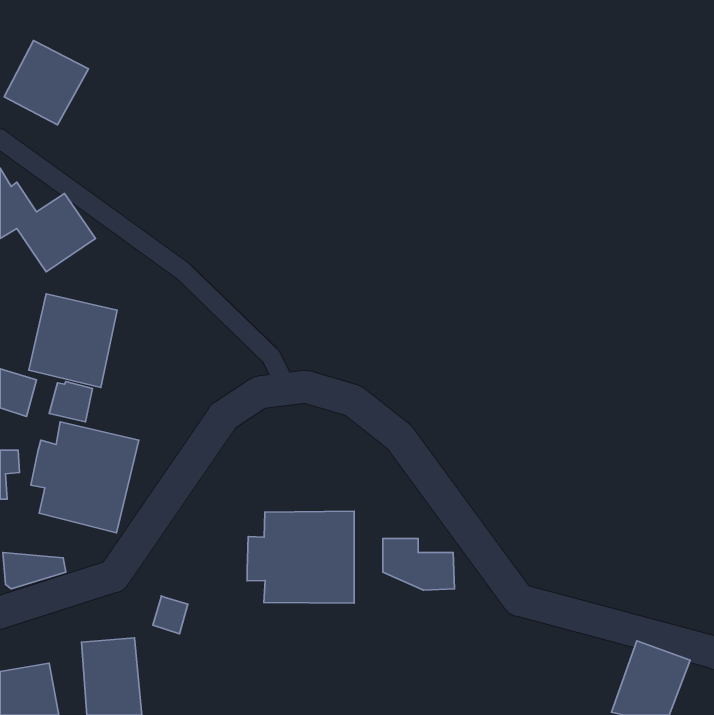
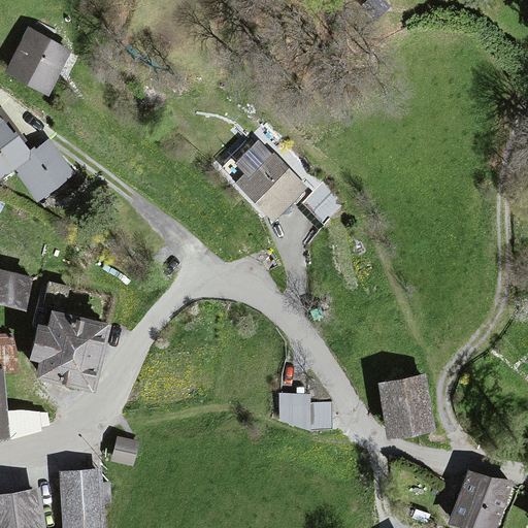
building: none -> [235,151,305,221]
building: [29,294,117,388] -> none
building: [247,511,354,603] -> none
building: none -> [377,376,432,437]

